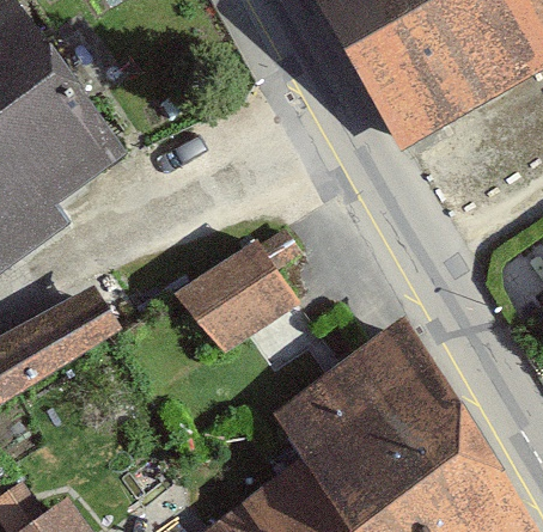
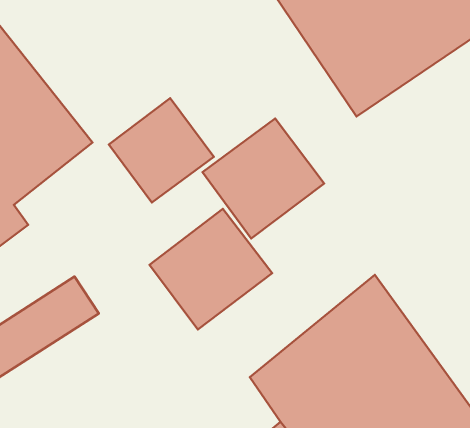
building: none -> [109,98,214,203]
building: none -> [203,118,324,238]

